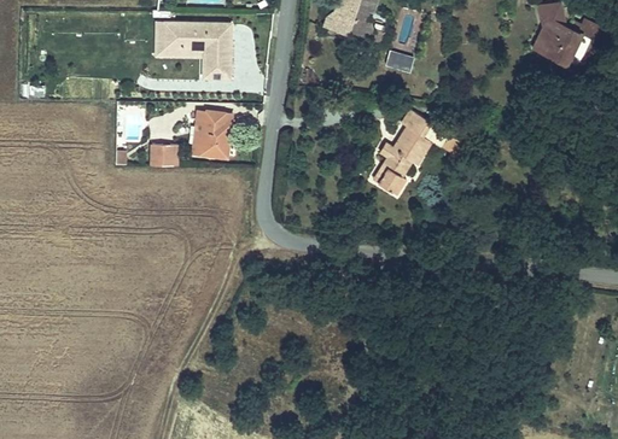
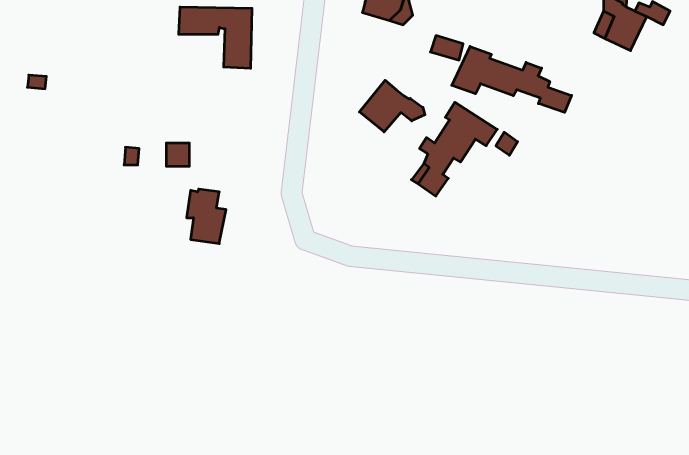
building: none -> [452,46,572,112]
building: none -> [359,80,425,132]
building: [199,110,234,158] -> [187,189,226,244]

